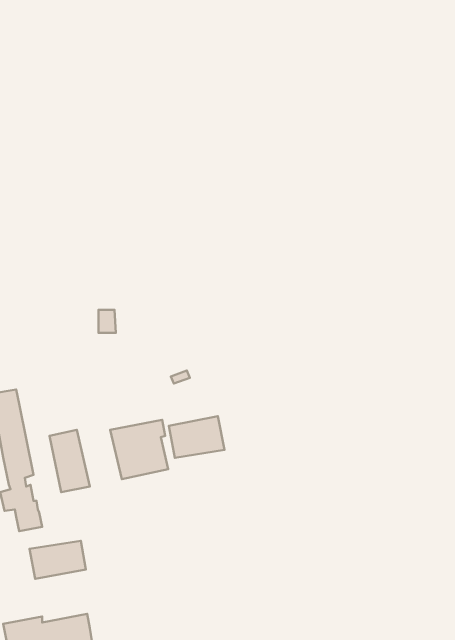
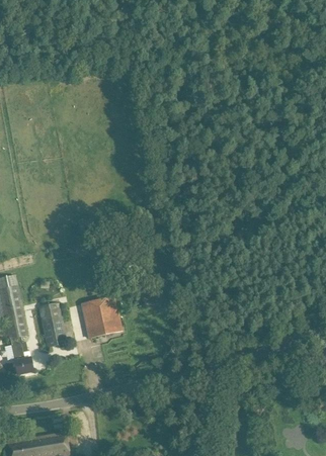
building: [169,416,224,458] -> none
building: [30,541,86,579] -> none

